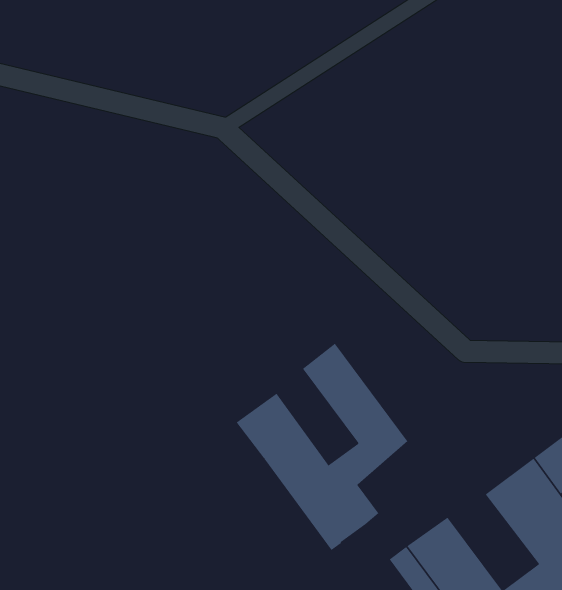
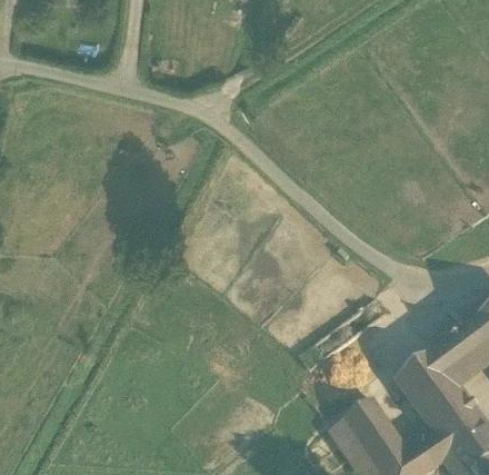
building: [236,343,408,551] -> none

